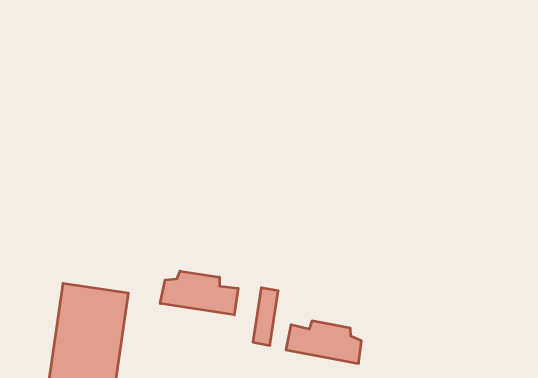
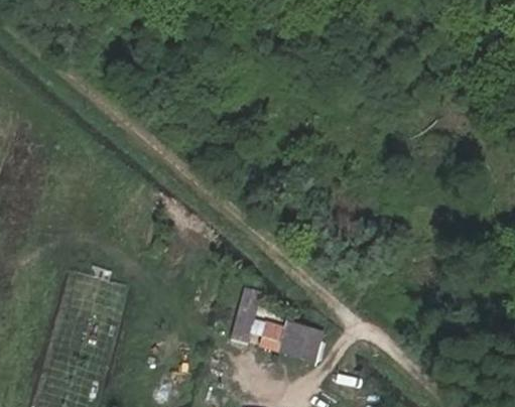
building: [160,271,238,315] -> none

